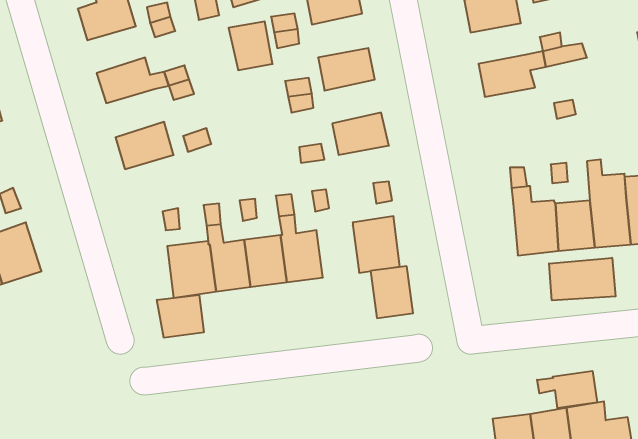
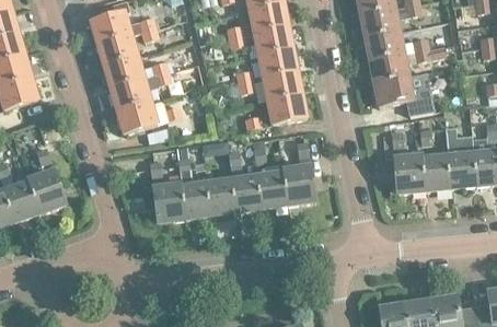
building: none -> [253,24,292,55]
building: none -> [363,31,403,59]
building: none -> [96,33,137,66]
building: none -> [262,70,301,101]
building: none -> [373,75,413,105]
building: none -> [109,77,150,110]
building: [549,258,616,300] -> none
building: [371,266,413,318] -> [256,172,286,208]
building: [157,295,204,338] -> none
building: [537,371,597,408] -> none

